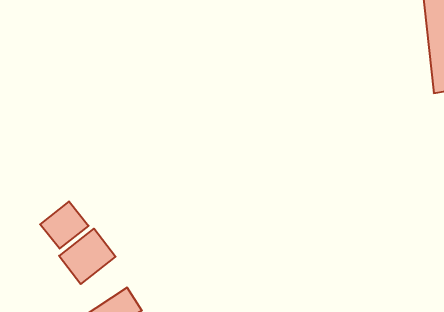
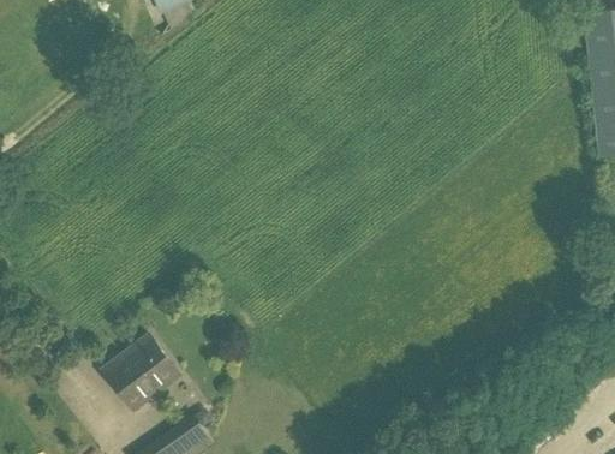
building: [40,201,89,249] -> none

